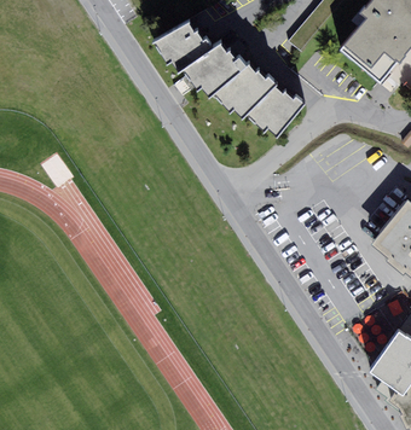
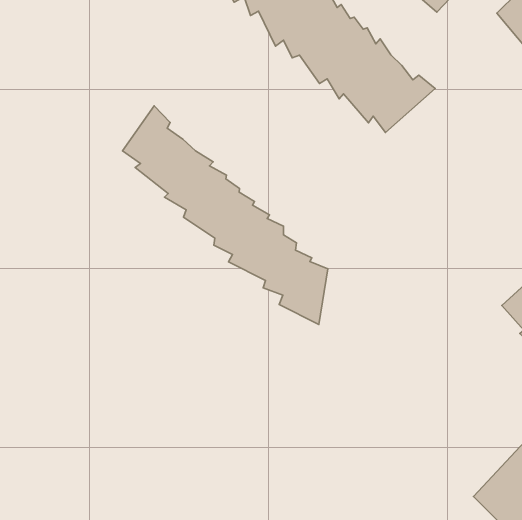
building: none -> [122,106,328,325]

